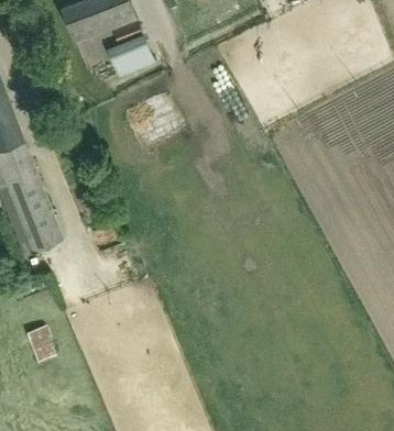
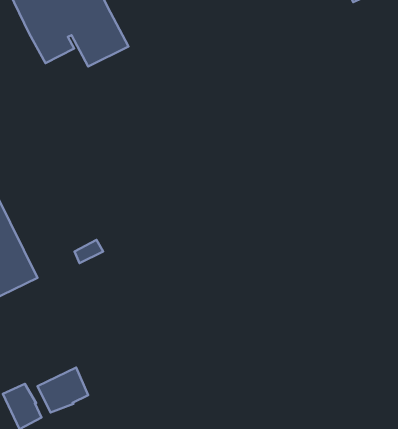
building: none -> [37,368,88,412]

